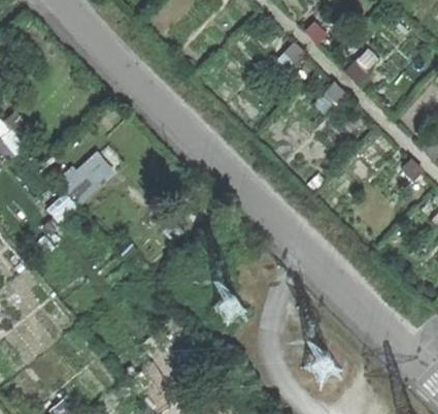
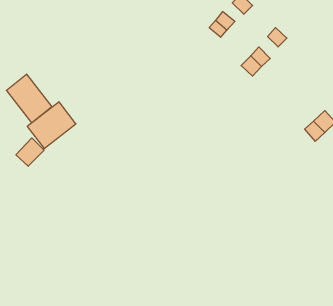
building: none -> [6,74,52,123]

